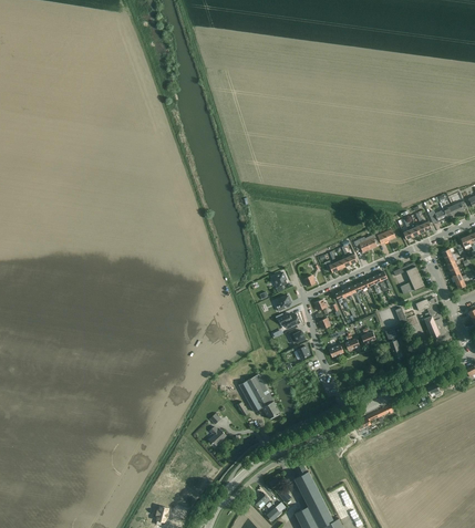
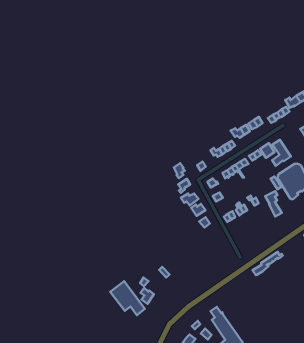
building: [239,374,280,420] -> [110,281,145,315]

